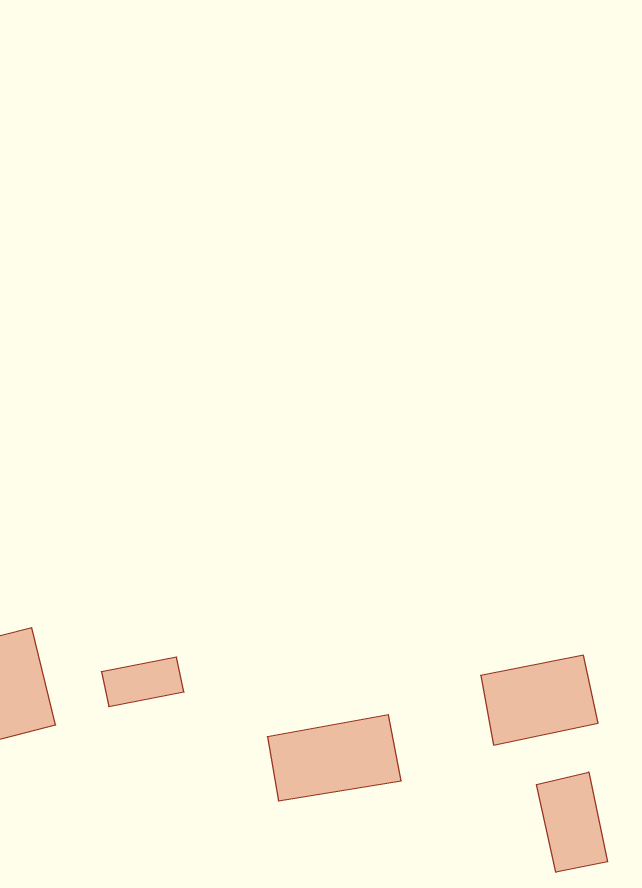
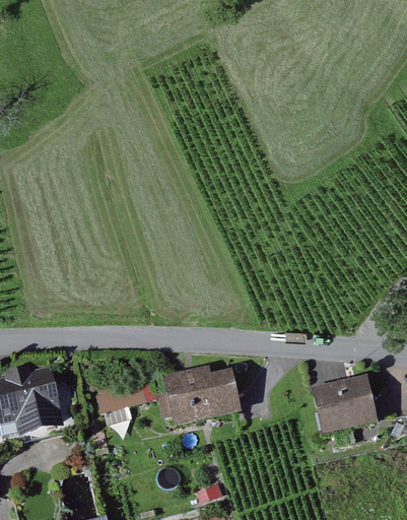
building: [267,715,401,801] -> [158,373,232,420]
building: [536,772,608,872] -> none

